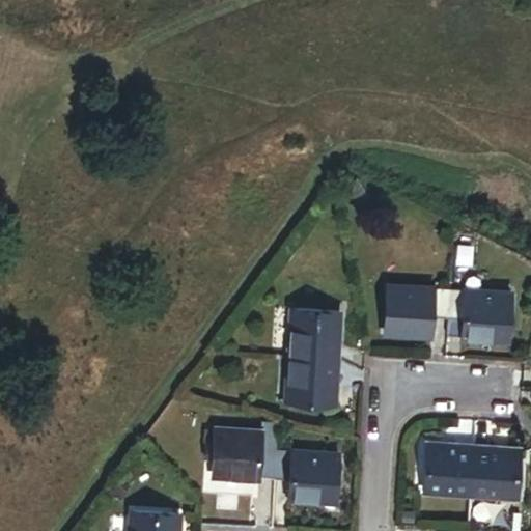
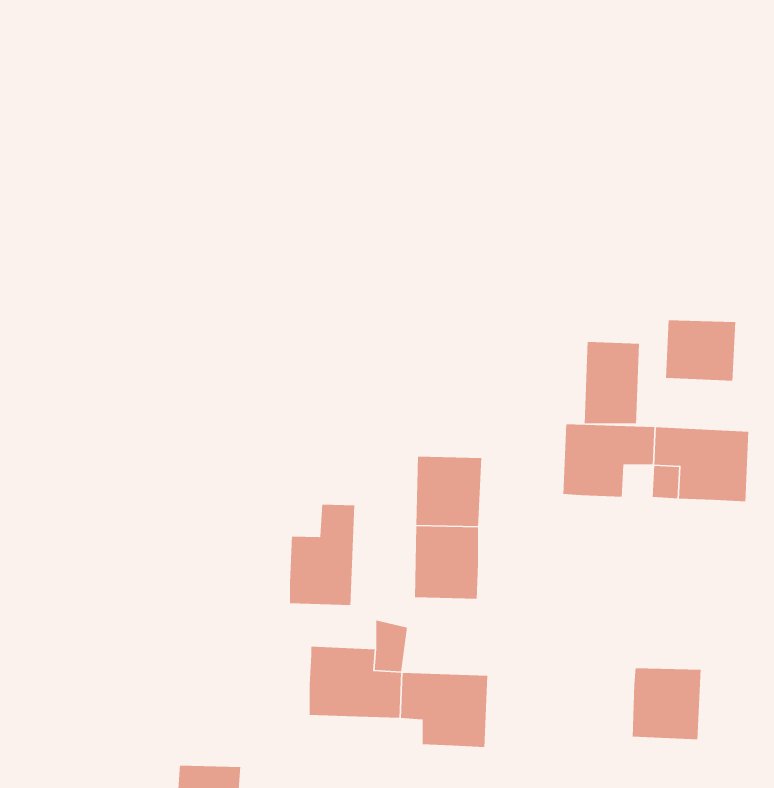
building: none -> [665,320,736,382]
building: none -> [584,341,640,424]
building: none -> [289,504,355,606]
building: [479,450,526,500] -> none

